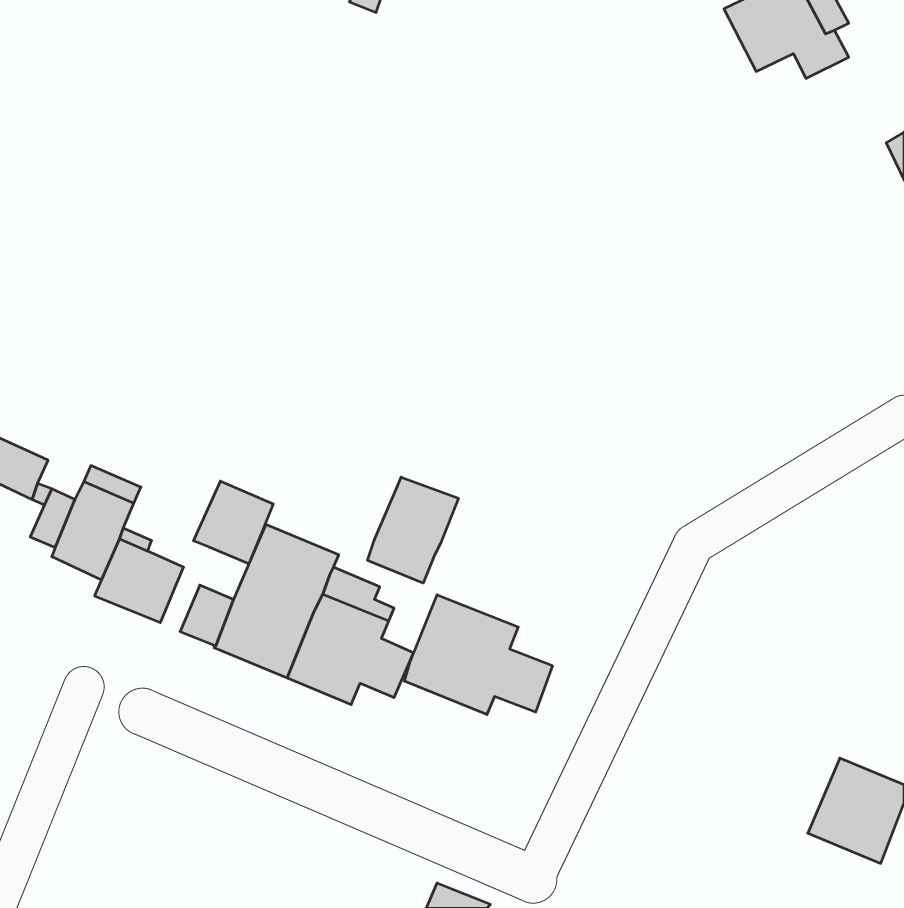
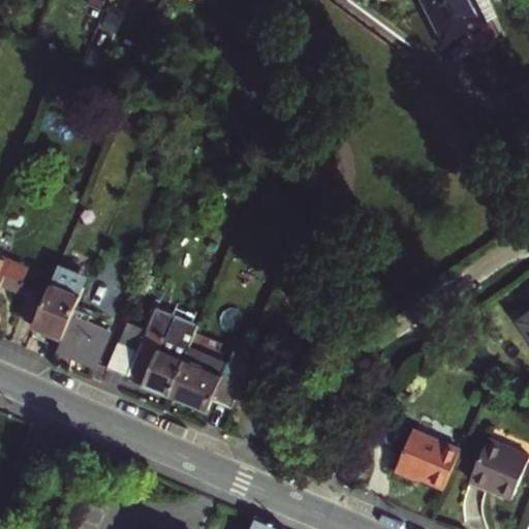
building: [368,477,458,583] -> none
building: [194,481,273,564] -> none
building: [404,595,552,715] -> none
building: none -> [394,431,460,489]

